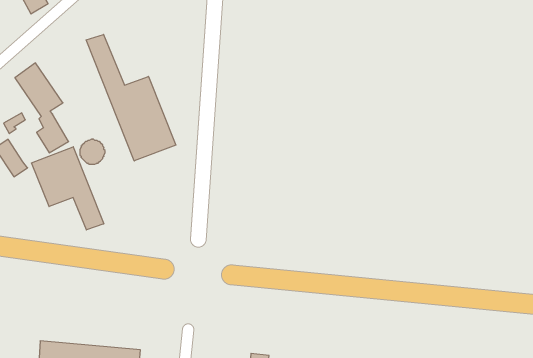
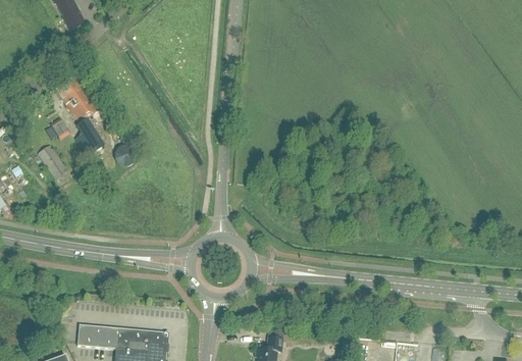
building: [86,34,176,161] -> none
building: [31,147,104,230] -> none

